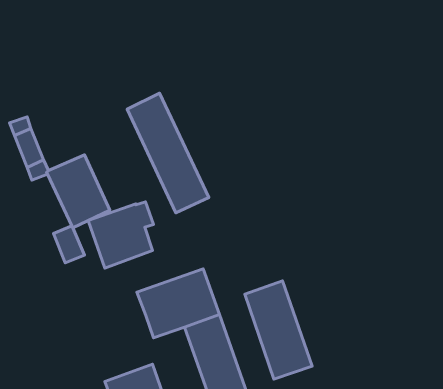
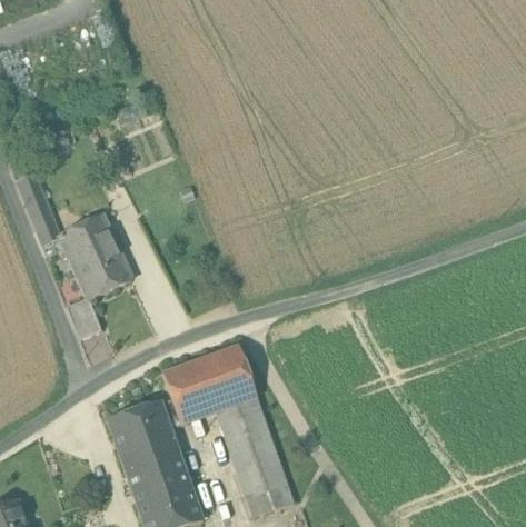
building: [127,93,209,213] -> none
building: [88,202,153,268] -> [107,398,181,474]
building: [245,281,312,379] -> none

